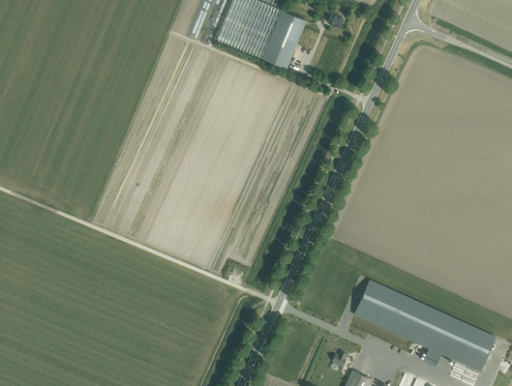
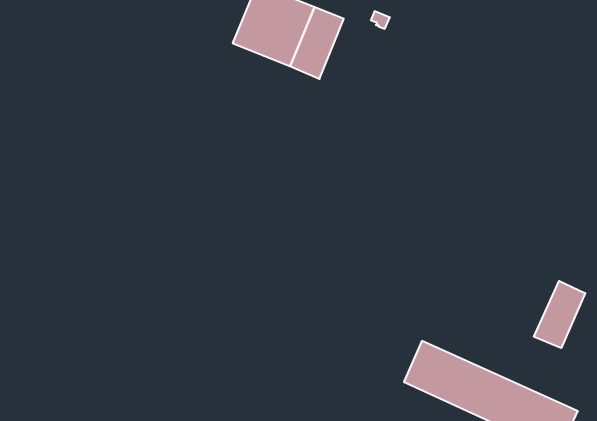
building: none -> [534,281,585,348]

